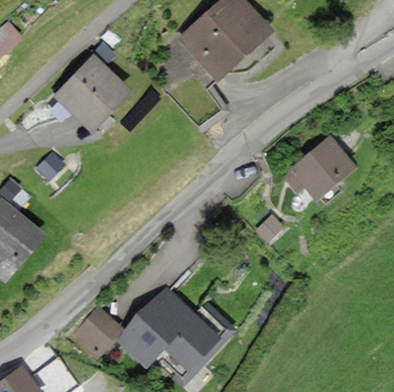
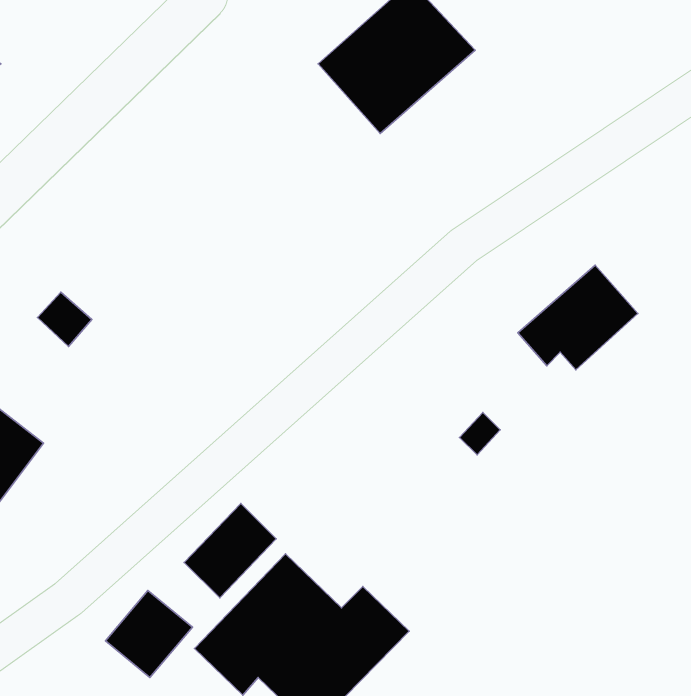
building: [56,56,126,126] -> none
building: none -> [184,504,276,598]

